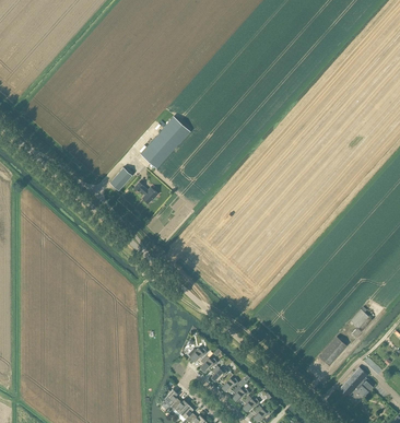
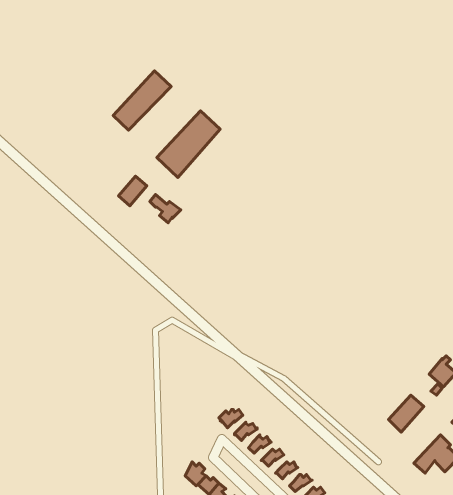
building: none -> [113,71,171,130]

